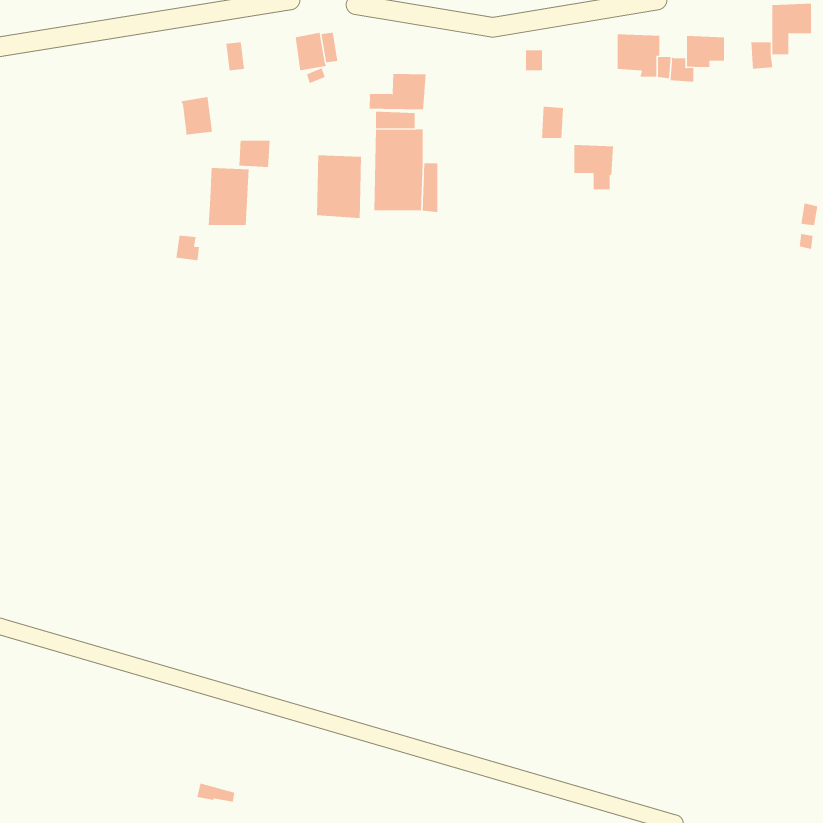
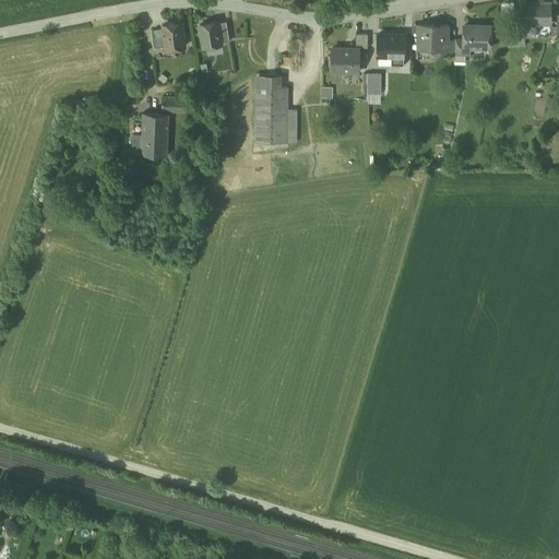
building: none -> [332,47,360,71]
building: [369,73,426,110] -> none
building: [181,96,213,135] -> [163,23,185,49]
building: [573,145,614,190] -> [379,34,406,64]
building: [317,155,361,219] -> none

